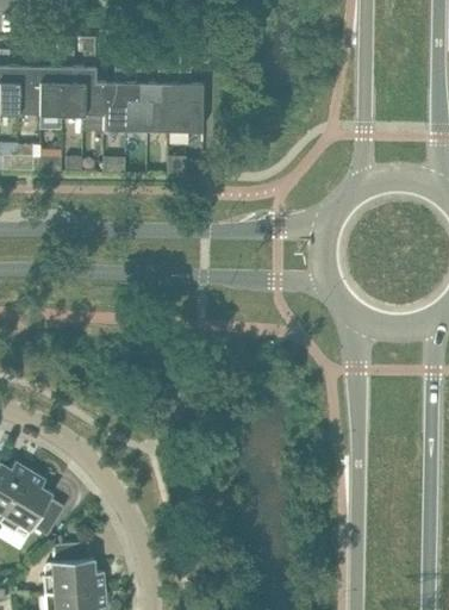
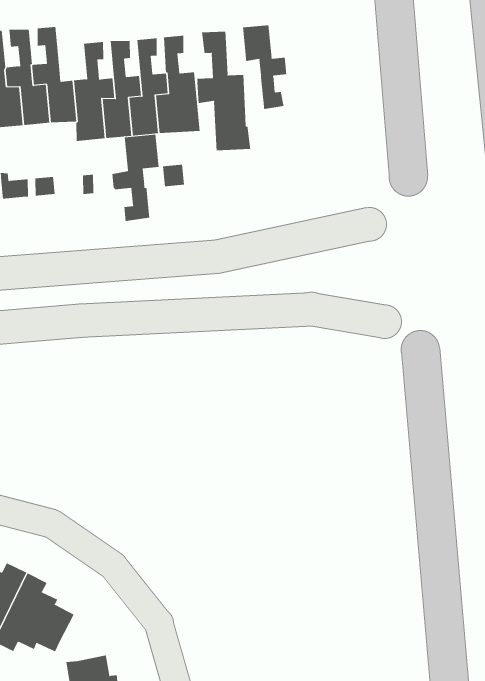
building: none -> [243,24,287,110]
building: none -> [197,31,251,151]
building: none -> [112,134,159,222]

